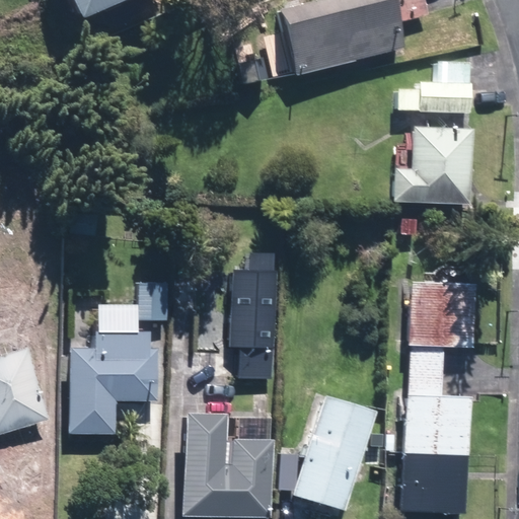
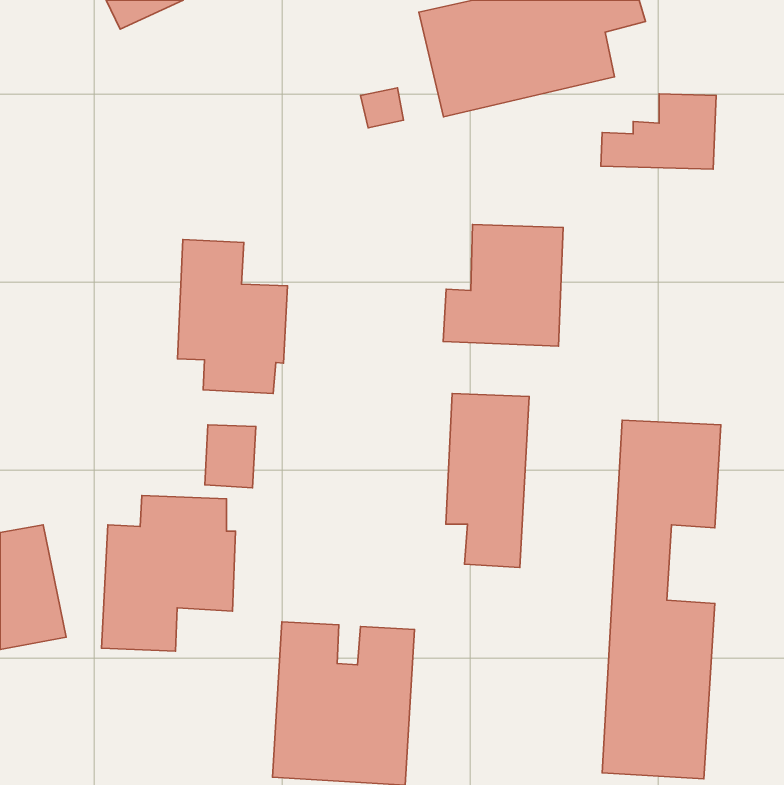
building: [393,124,472,204] -> [443,224,563,346]
building: none -> [178,239,287,394]
building: [224,266,279,380] -> [446,393,529,567]
building: [278,392,377,511] -> none

